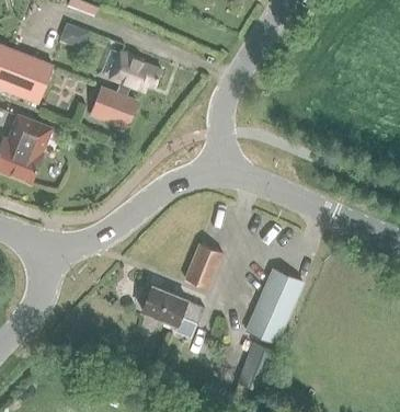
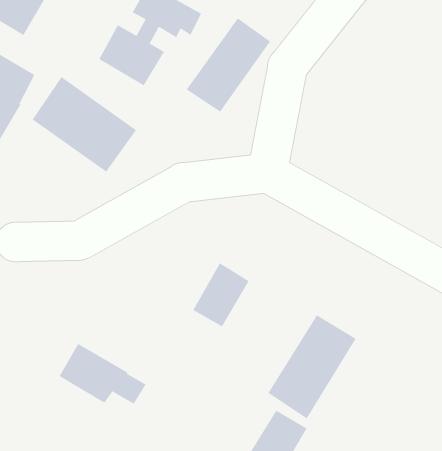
building: none -> [186,17,271,113]
building: none -> [32,76,137,172]
building: [141,286,204,325] -> [59,343,147,405]

